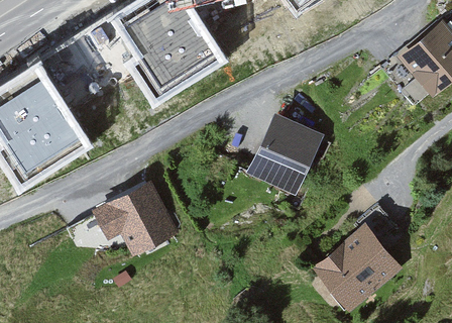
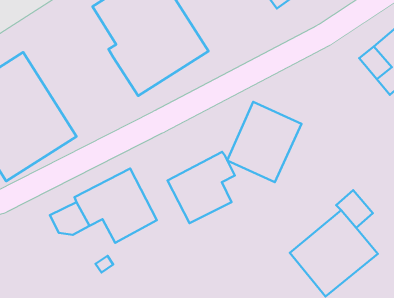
building: none -> [167,152,235,223]

